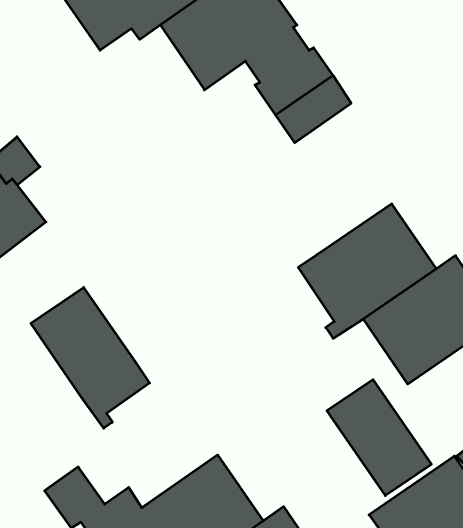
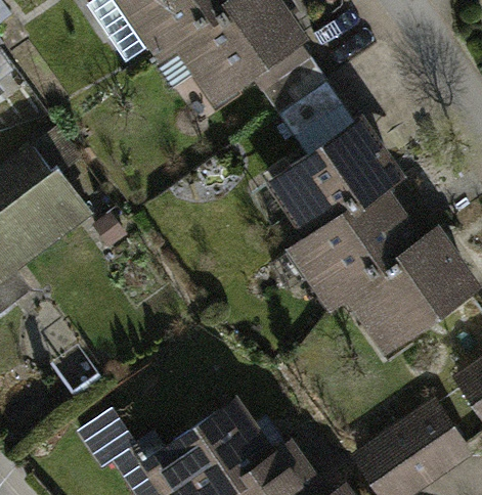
building: none -> [276,124,395,234]
building: [31,287,150,428] -> none
building: [327,380,431,496] -> none

